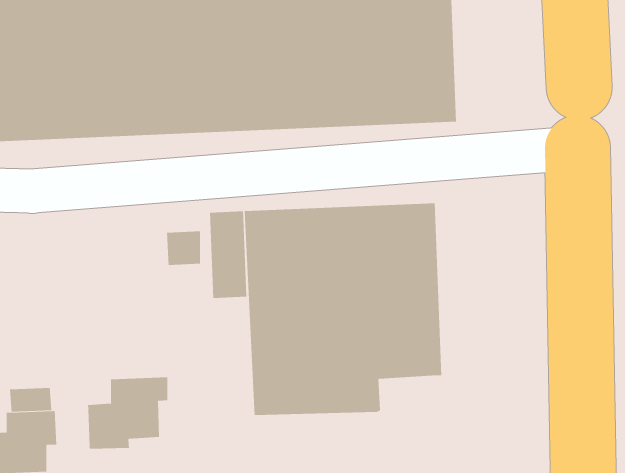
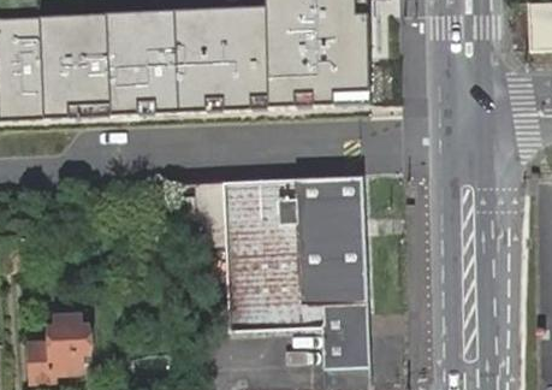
building: none -> [319,300,367,365]
building: [88,377,168,450] -> none

